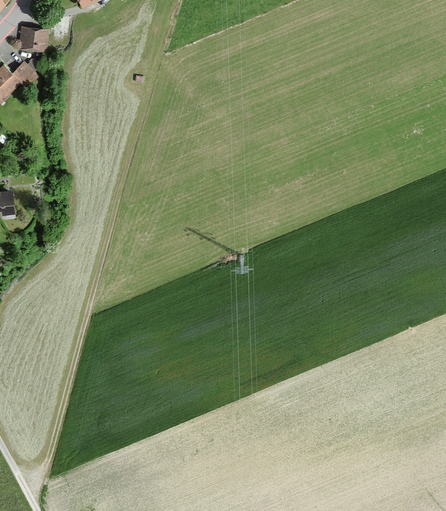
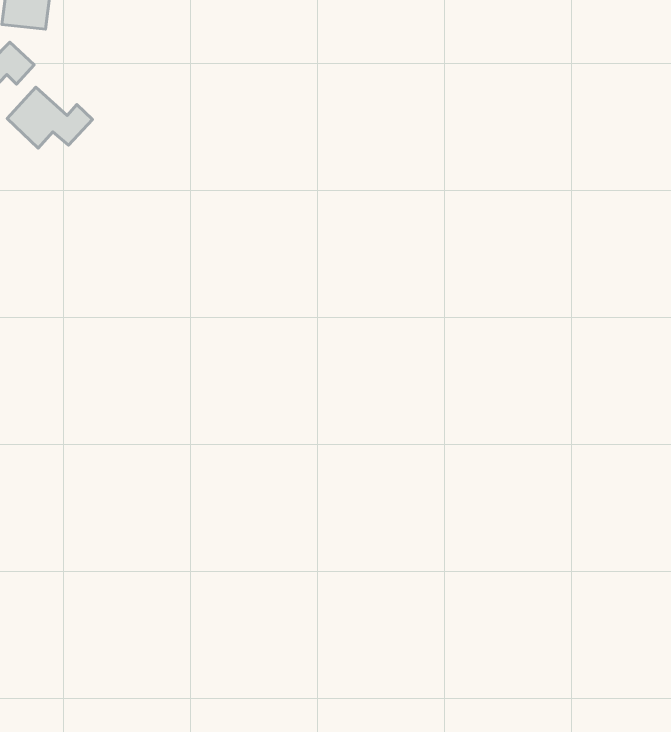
building: none -> [7,87,93,148]

